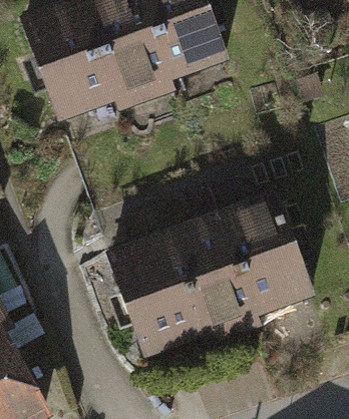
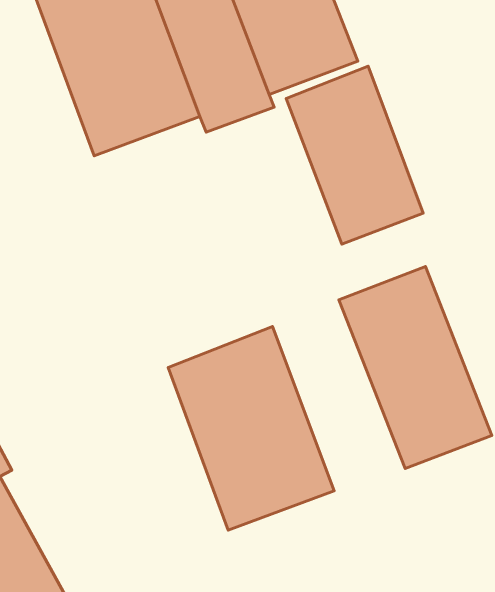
building: none -> [286,66,423,244]
building: [173,211,261,342] -> none

